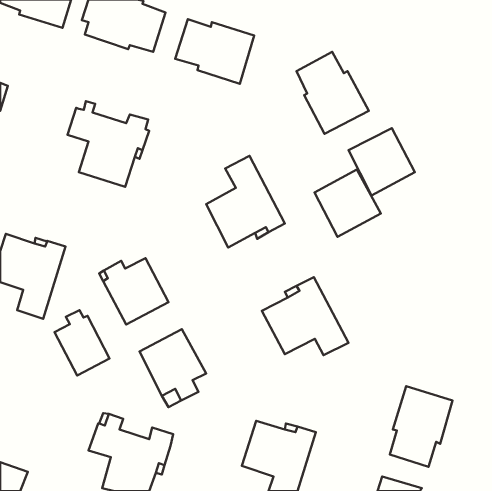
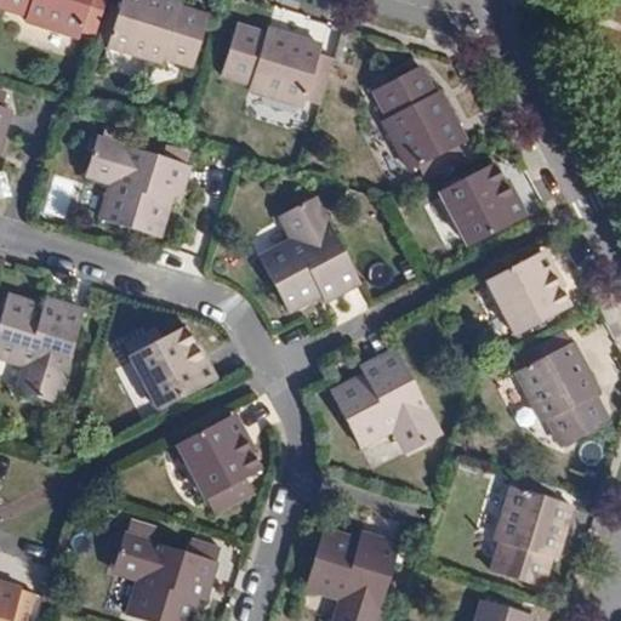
building: [314,169,381,237] -> [486,251,570,336]
building: none -> [517,342,608,446]
building: [54,310,110,375] -> none

